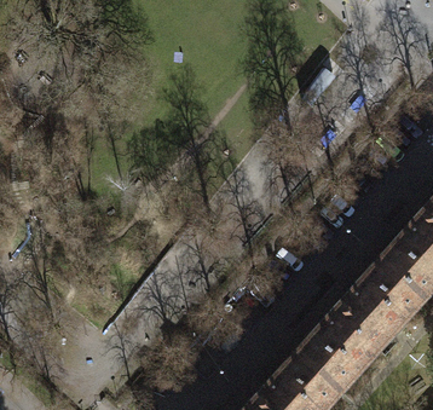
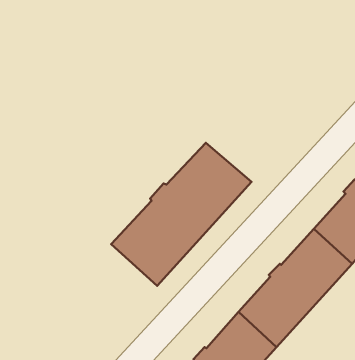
building: none -> [111,143,252,286]

